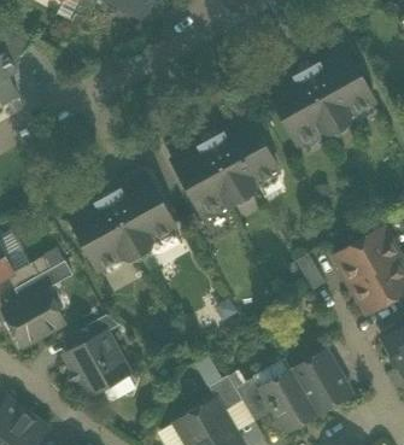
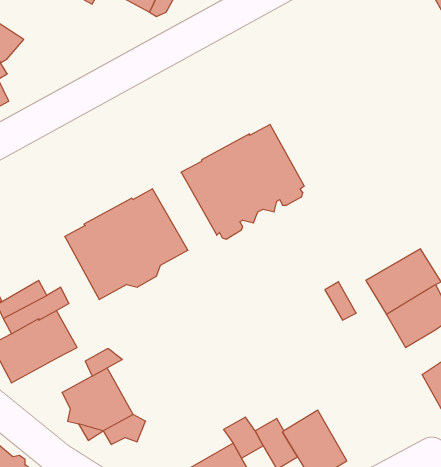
building: [268,48,375,146] -> none
building: [292,351,352,415] -> none

